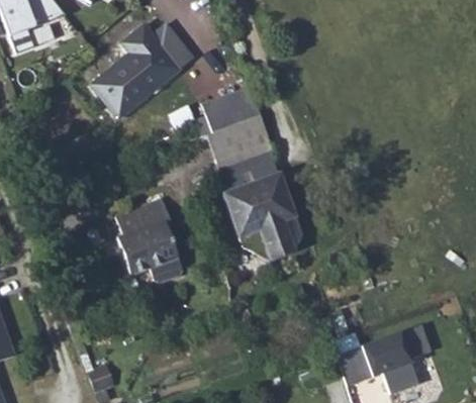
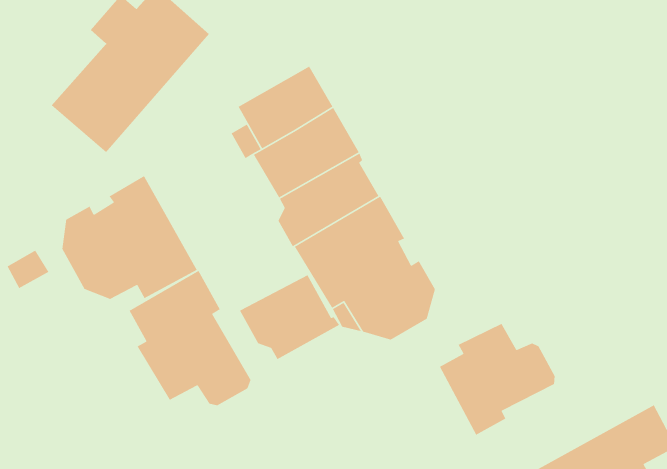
building: none -> [61,175,198,300]
building: none -> [239,274,340,360]
building: none -> [439,323,556,436]

